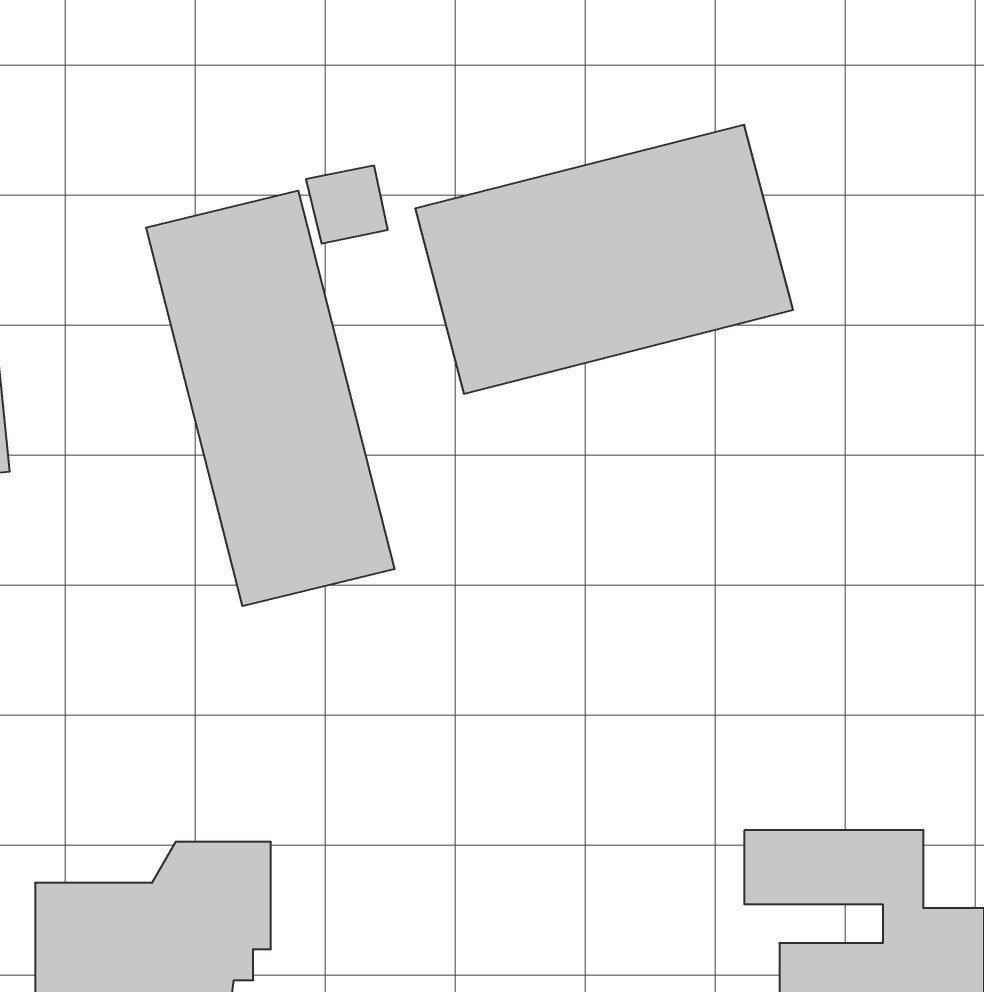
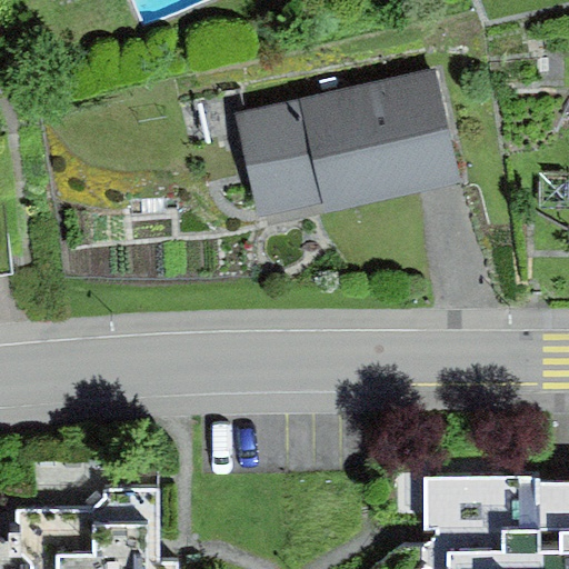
building: [146,191,395,606] -> none

